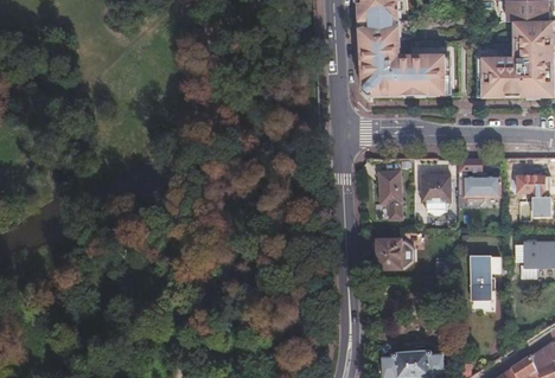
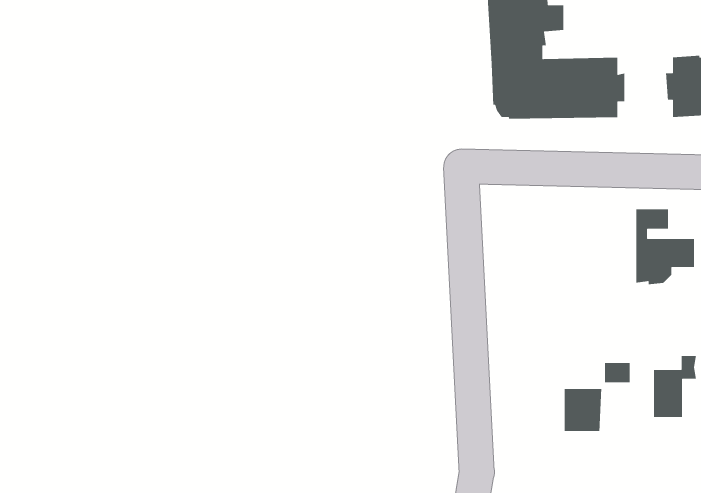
building: [378,173,400,216] -> none
building: [421,175,449,201] -> none
building: [378,239,404,269] -> [564,388,602,432]

